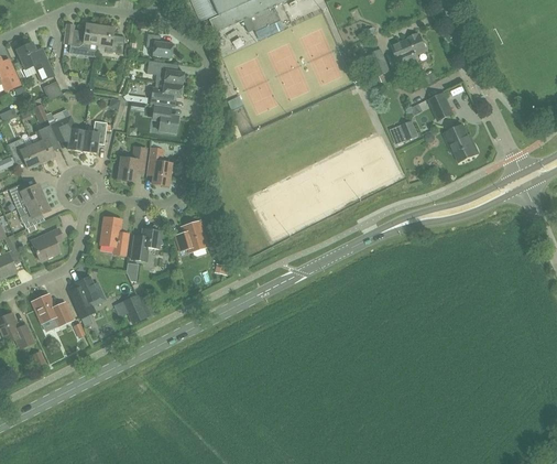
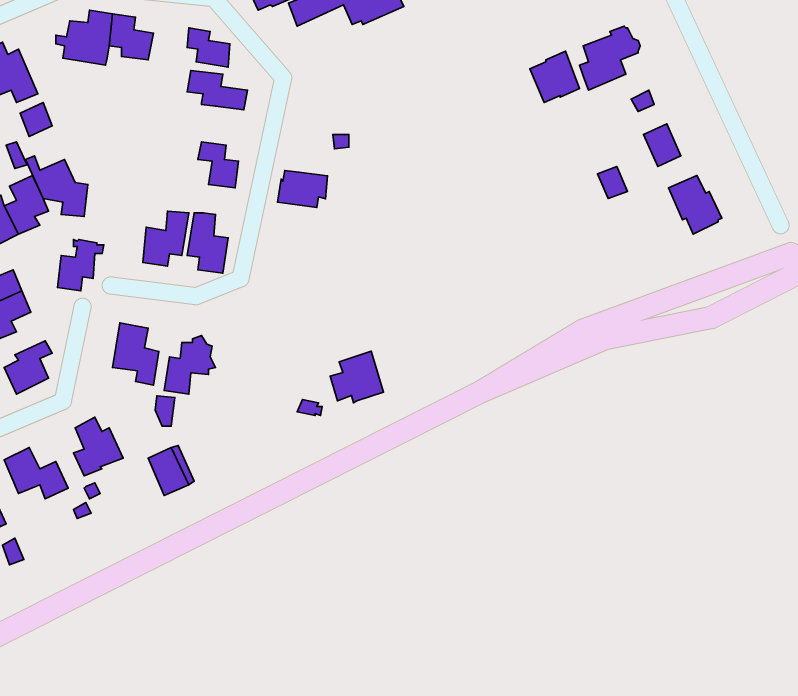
building: [150,80,181,104] -> [278,170,327,208]
building: [81,120,110,152] -> [58,239,104,291]
building: [175,219,208,251] -> [330,351,384,403]

